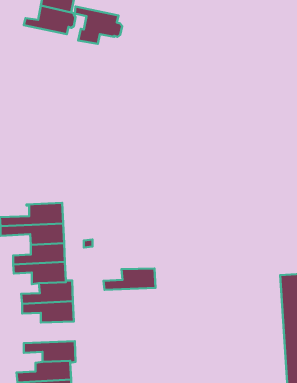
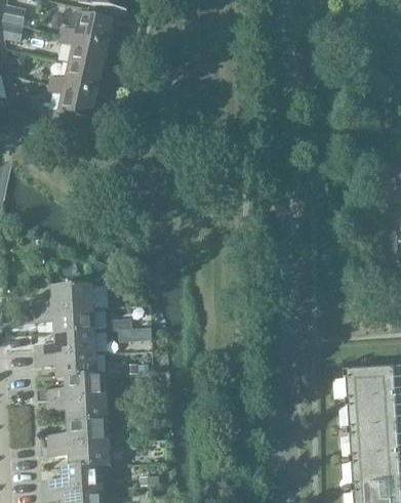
building: [75,6,122,44] -> [49,81,104,124]
building: [104,268,155,290] -> [49,421,109,446]

